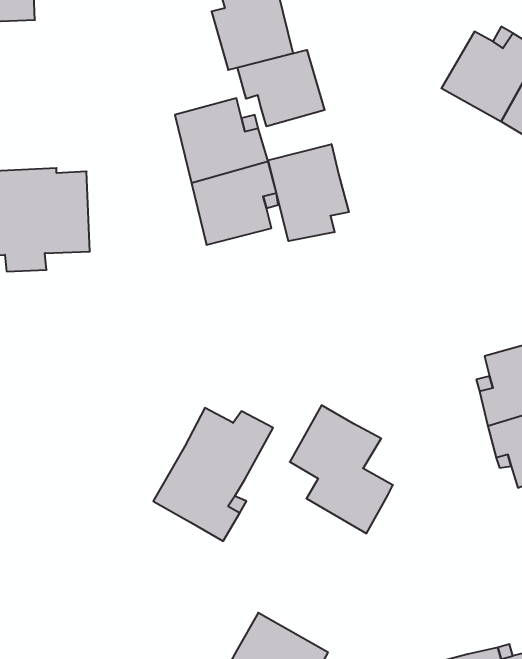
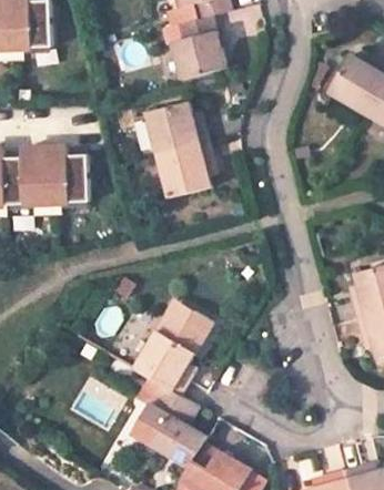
building: [237,50,325,126] -> none
building: [268,144,349,241] -> none
building: [290,405,393,533] -> [137,382,205,468]

